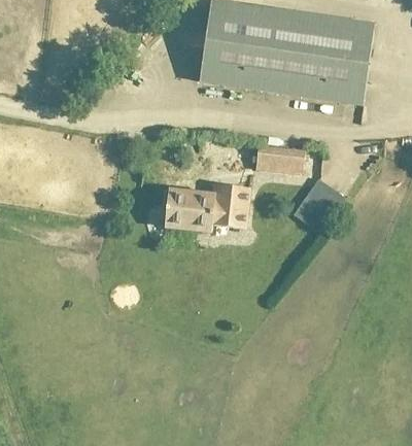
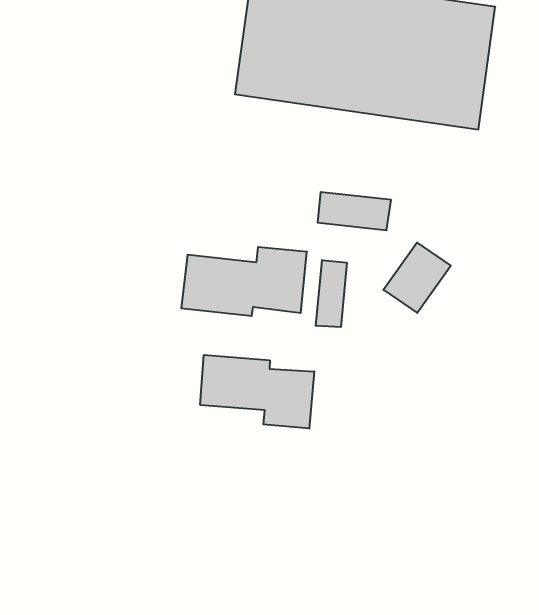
building: none -> [316,260,347,327]
building: none -> [200,355,314,429]

